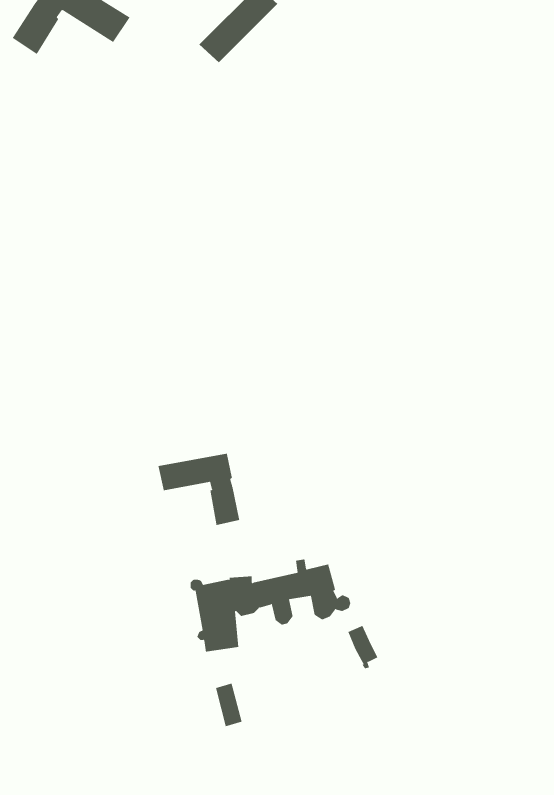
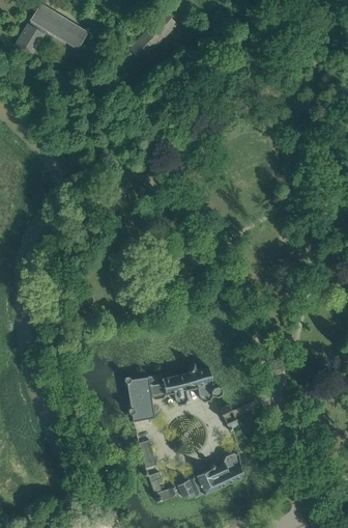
building: [158,453,240,526] -> none
building: none -> [143,453,243,502]

